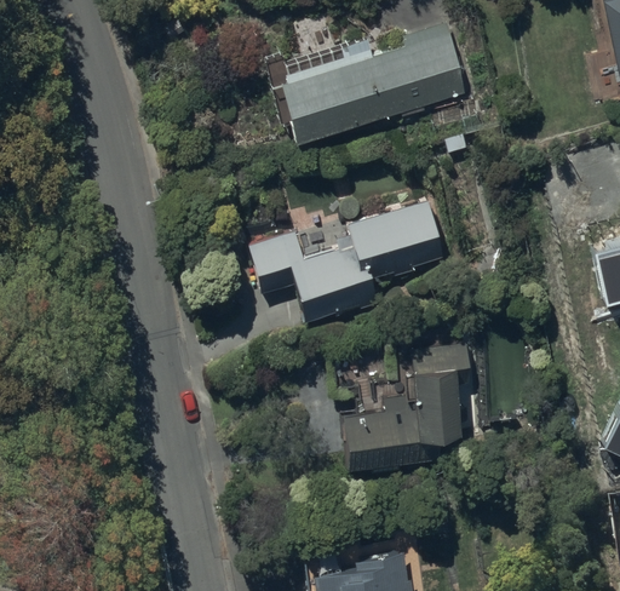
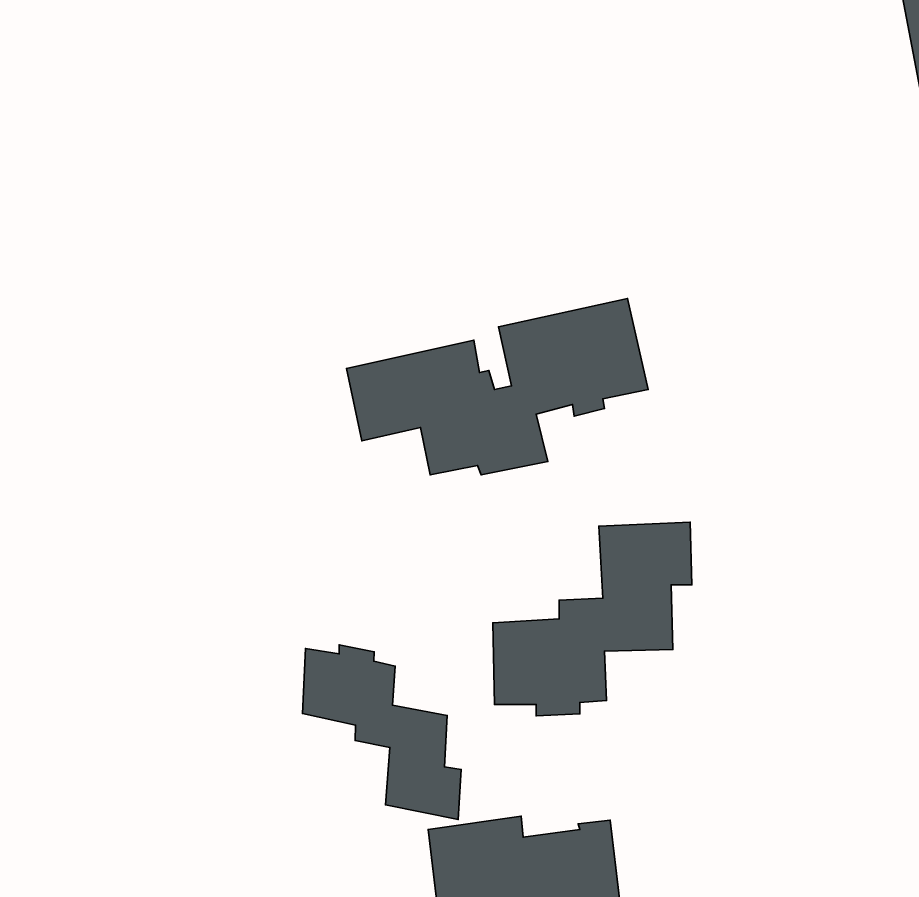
building: [281,25,466,133] -> none
building: none -> [302,645,461,820]

